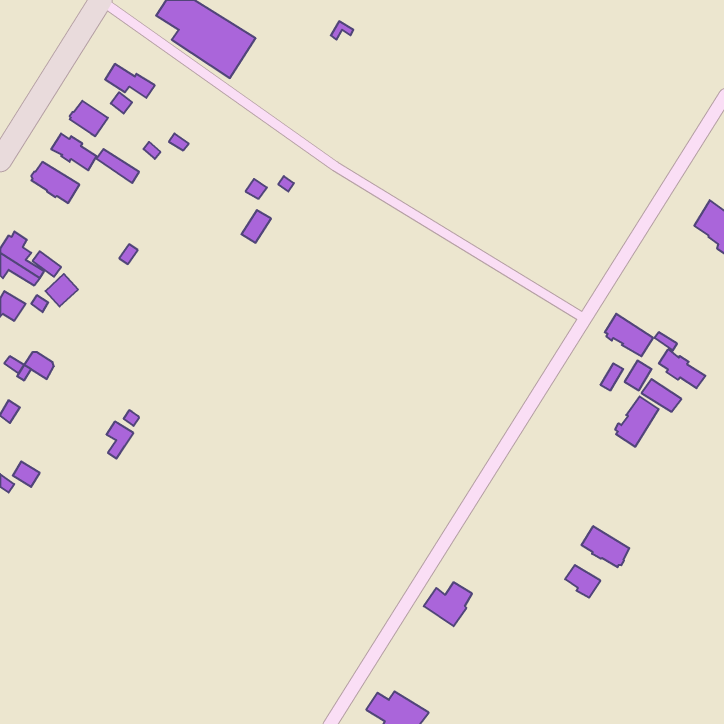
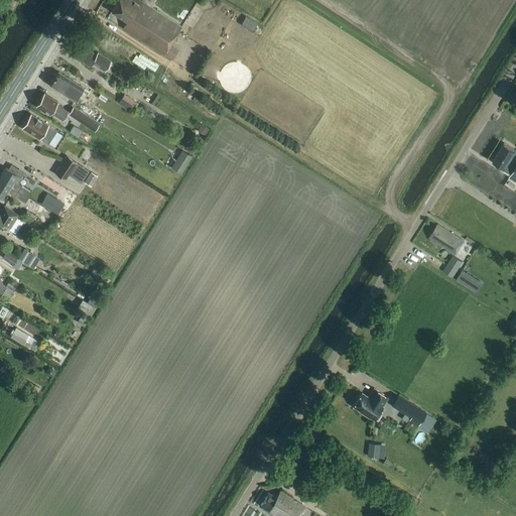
building: none -> [55,157,91,184]
building: [659,349,705,388] -> none
building: [615,396,659,447] -> none
building: [582,526,629,567] -> none
building: [424,582,472,626] -> [354,390,388,421]

